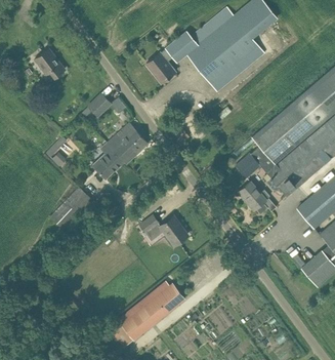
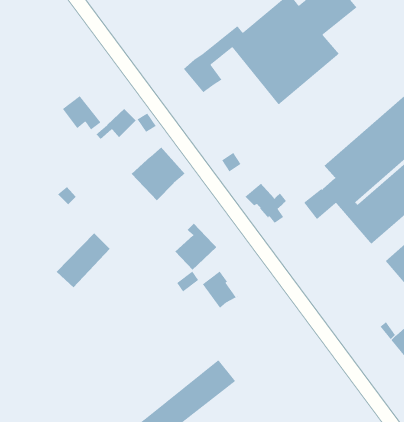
building: [35,49,65,76] -> [62,95,102,131]
building: [92,144,126,179] -> [175,223,220,271]
building: [238,183,269,213] -> [245,183,287,224]

